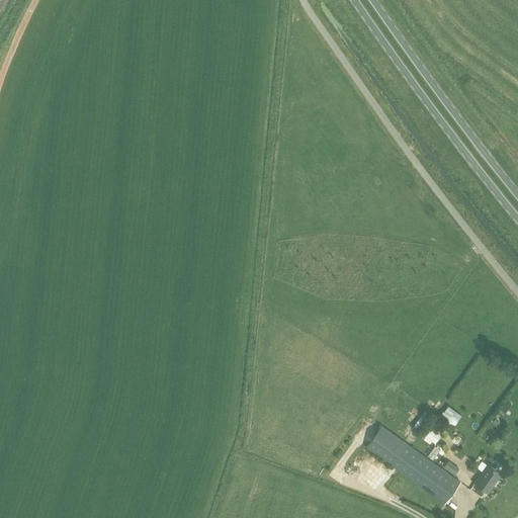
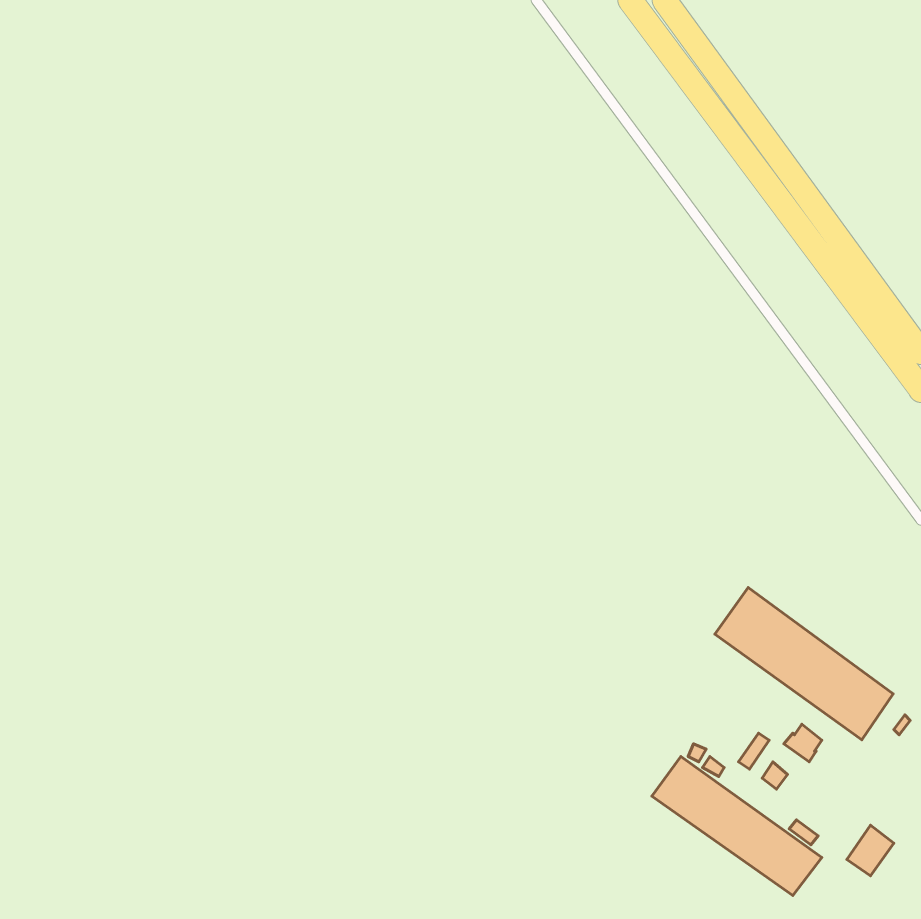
building: none -> [715,587,893,740]

